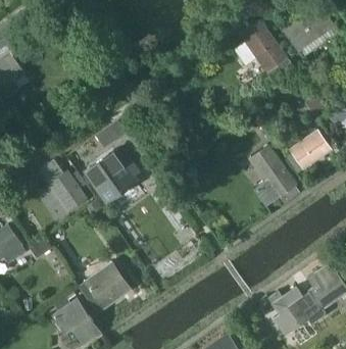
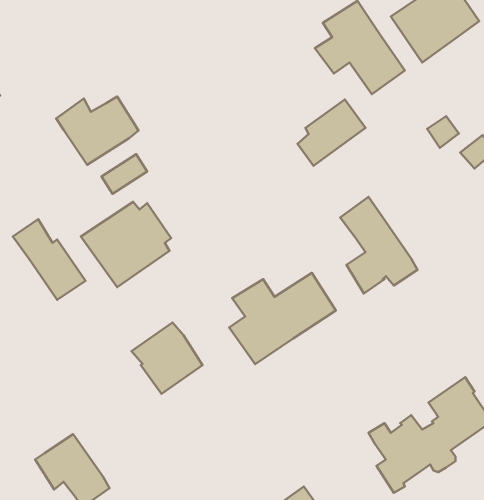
building: none -> [56,96,139,165]
building: [287,131,331,173] -> [298,100,366,166]
building: none -> [229,273,336,364]
building: [85,262,131,308] -> [131,323,203,394]

